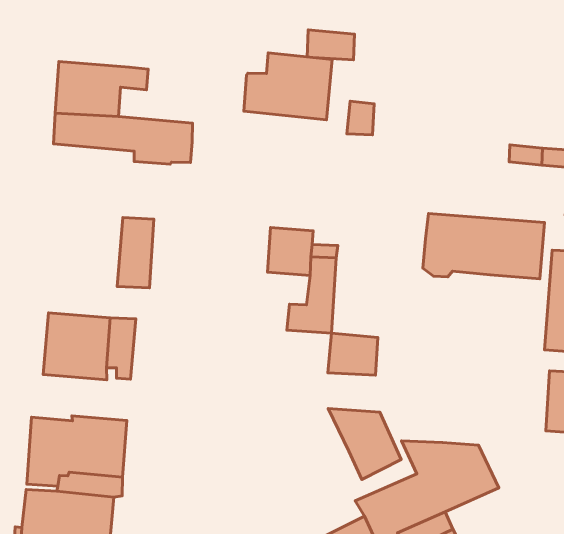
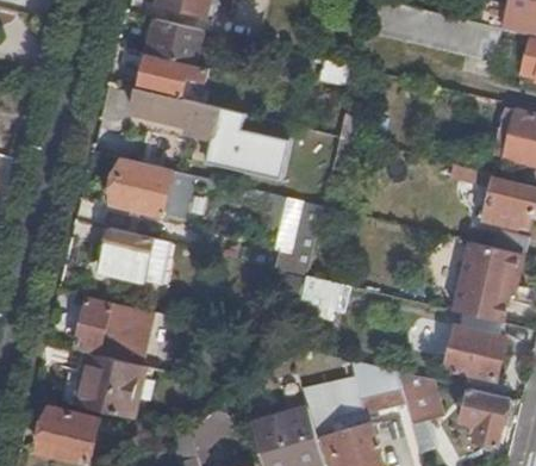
building: none -> [144,19,200,66]
building: [244,53,332,120] -> [205,125,273,179]
building: none -> [108,159,172,218]
building: [423,214,545,279] -> none
building: [328,409,401,480] -> [395,371,441,424]

